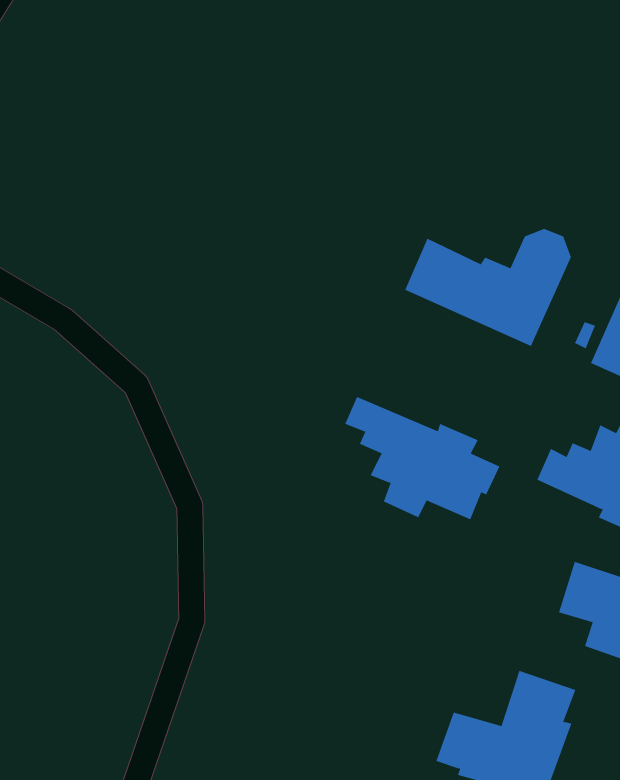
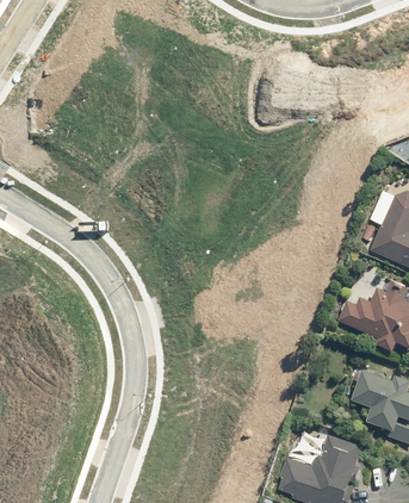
building: [404,228,571,347] -> none
building: [345,396,500,520] -> none

